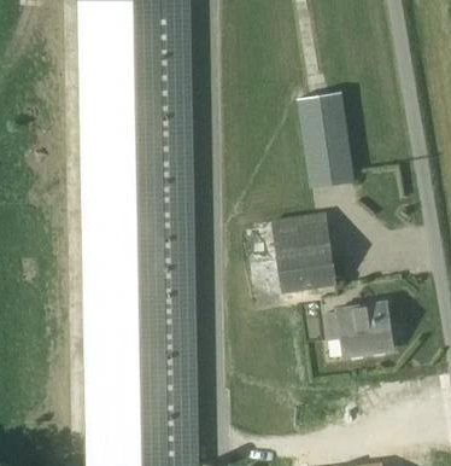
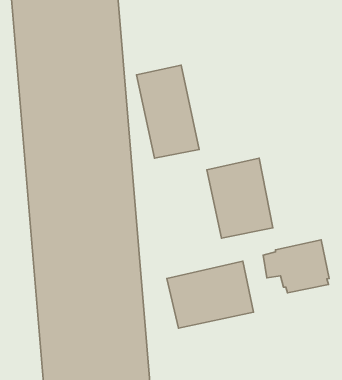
building: [295,92,356,187] -> [137,65,199,158]
building: none -> [167,261,253,328]

